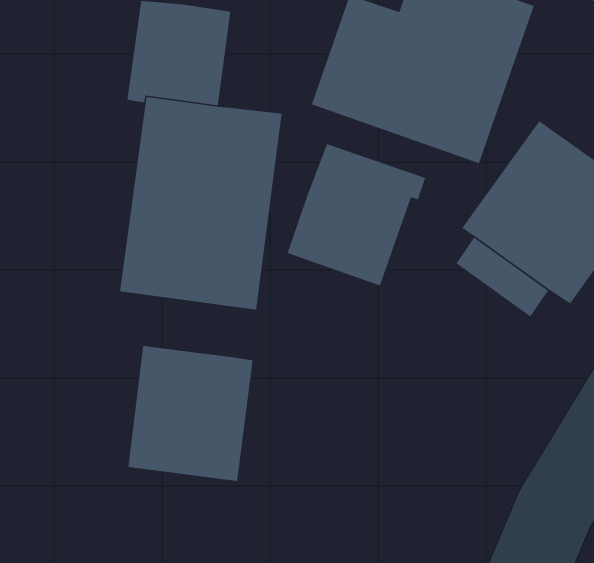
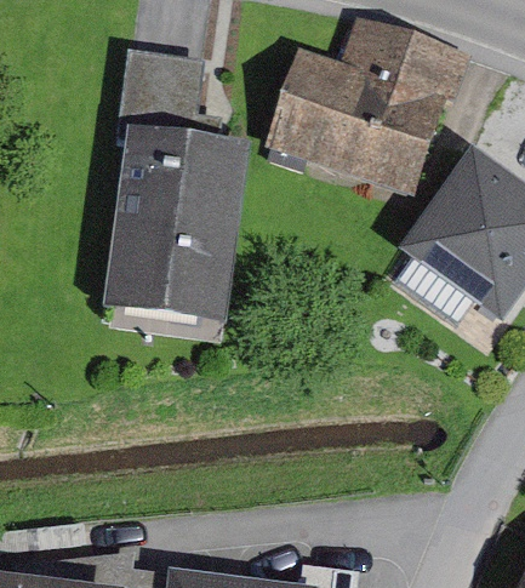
building: [287,143,426,287] -> none
building: [127,345,254,482] -> none

